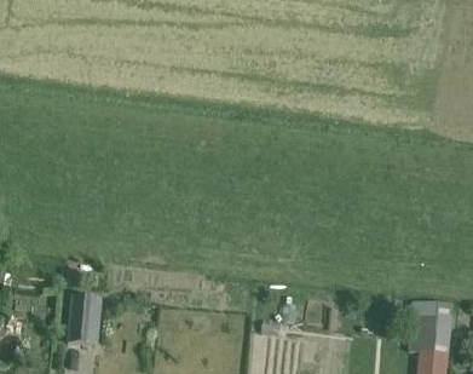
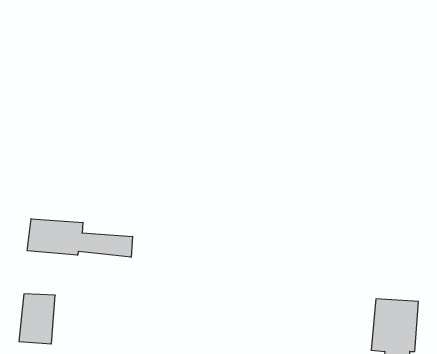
building: none -> [27,219,133,257]

